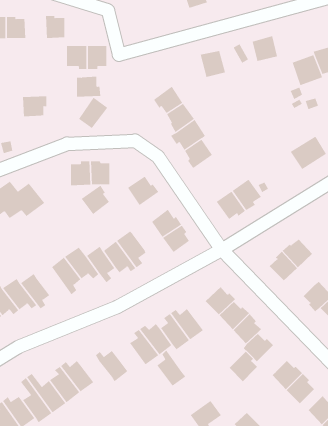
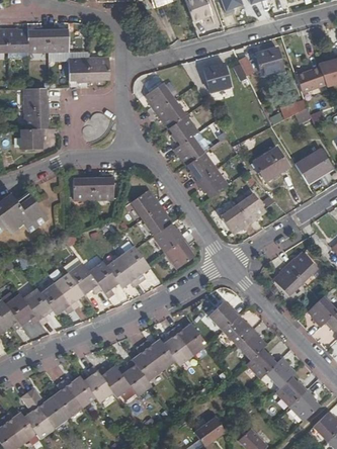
building: none -> [26,27,48,51]
building: none -> [146,82,175,112]
building: [76,76,101,97] -> [23,88,49,109]
building: none -> [20,128,44,149]
building: none -> [253,147,287,180]
building: none -> [196,168,228,197]
building: [81,185,110,215] -> [142,205,171,236]
building: none -> [38,281,73,315]
building: [156,350,186,387] -> [121,358,152,395]
building: none -> [83,365,113,402]
building: [229,351,258,382] -> [265,356,294,387]

